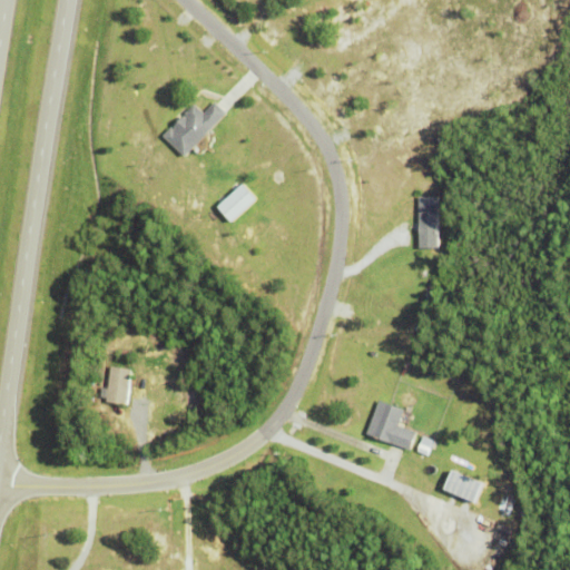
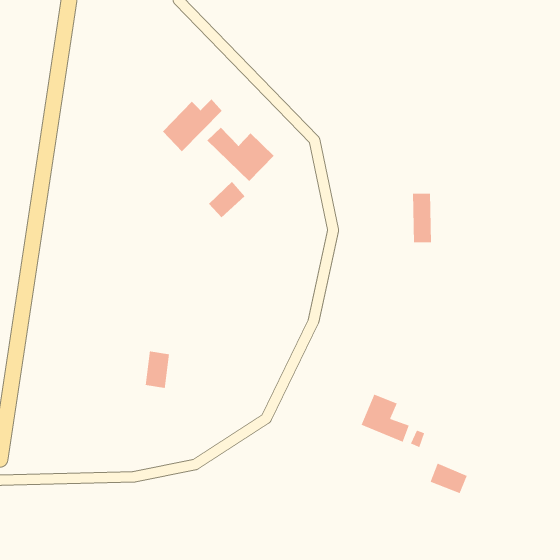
building: none -> [207,127,275,182]
building: [107,365,132,404] -> [145,351,170,389]

